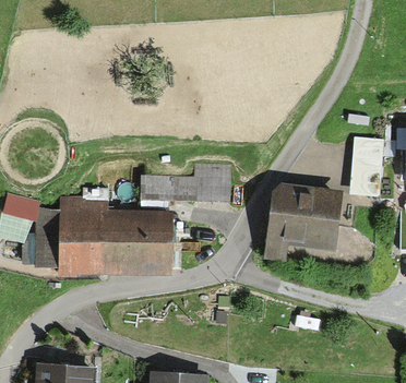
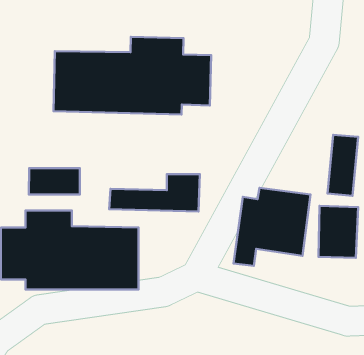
building: none -> [53,37,211,114]
building: none -> [29,168,80,195]

